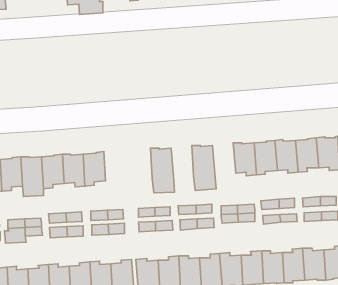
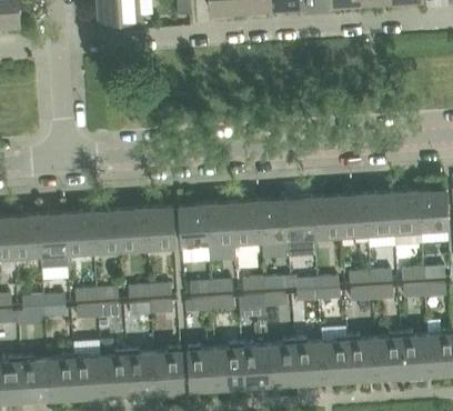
building: none -> [285,198,315,242]
building: none -> [232,201,261,245]
building: none -> [179,204,208,249]
building: none -> [145,207,175,250]

